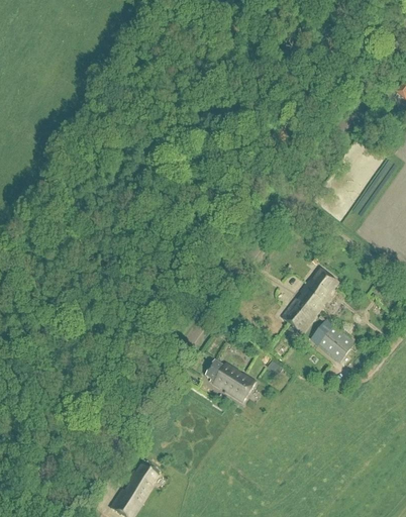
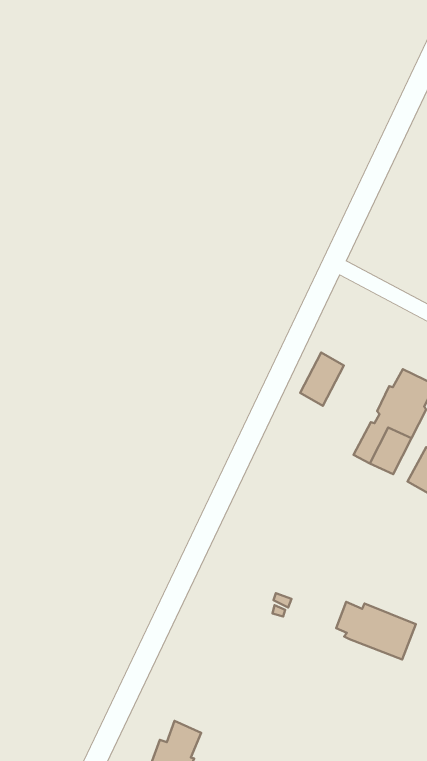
building: none -> [300,352,344,406]
building: [206,359,256,401] -> [336,602,416,659]

